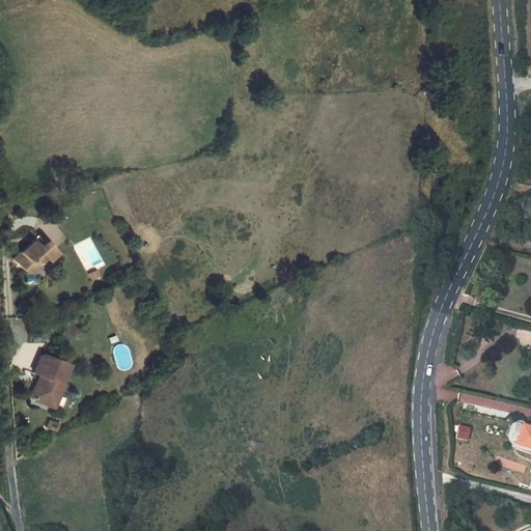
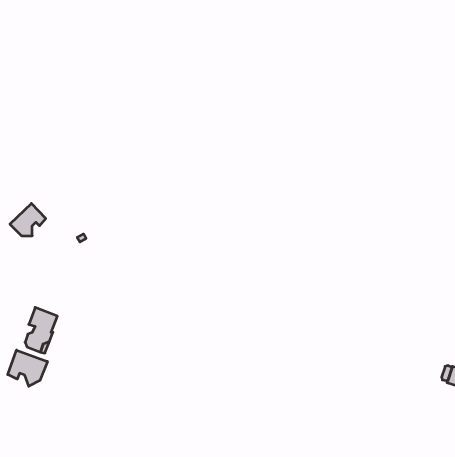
building: none -> [8,350,47,386]

